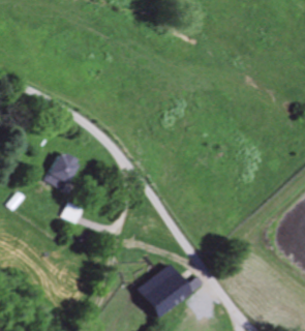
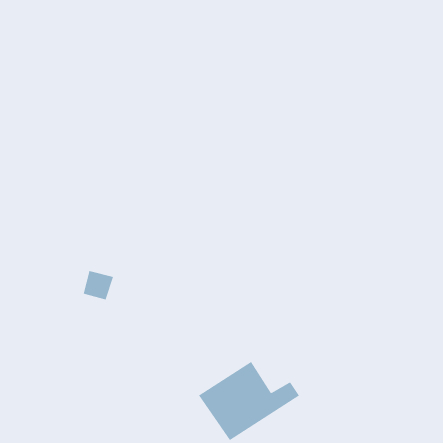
building: [44,150,81,190] -> none

